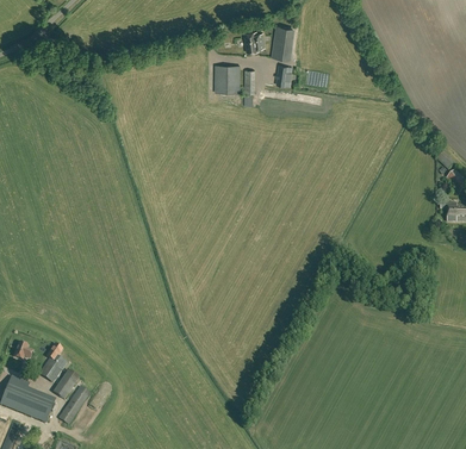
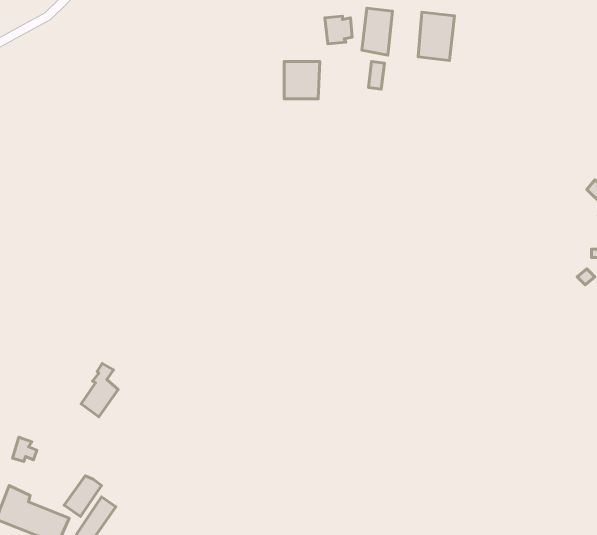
building: none -> [418,12,455,60]
building: [39,344,67,383] -> [81,363,118,417]

